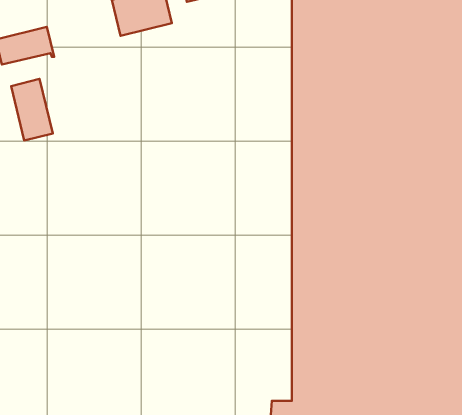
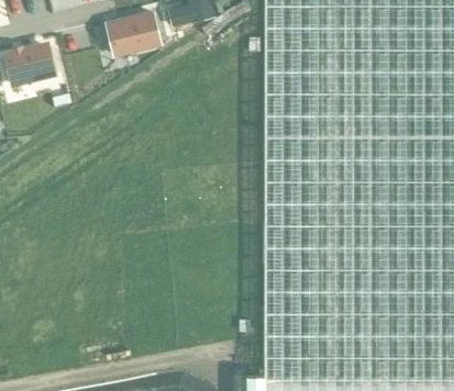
building: [11,79,53,141] -> none

